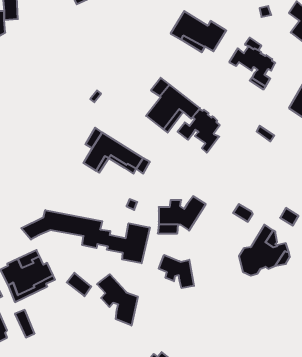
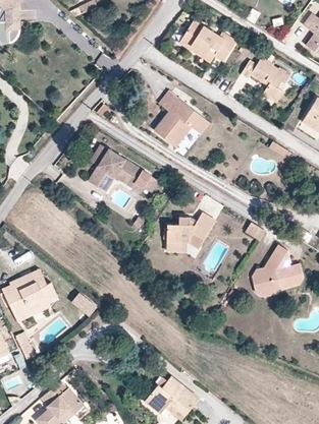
building: [178,109,220,153] -> none
building: [21,210,150,263] -> none
building: [159,255,194,288] -> none
building: [97,274,138,326] -> none

